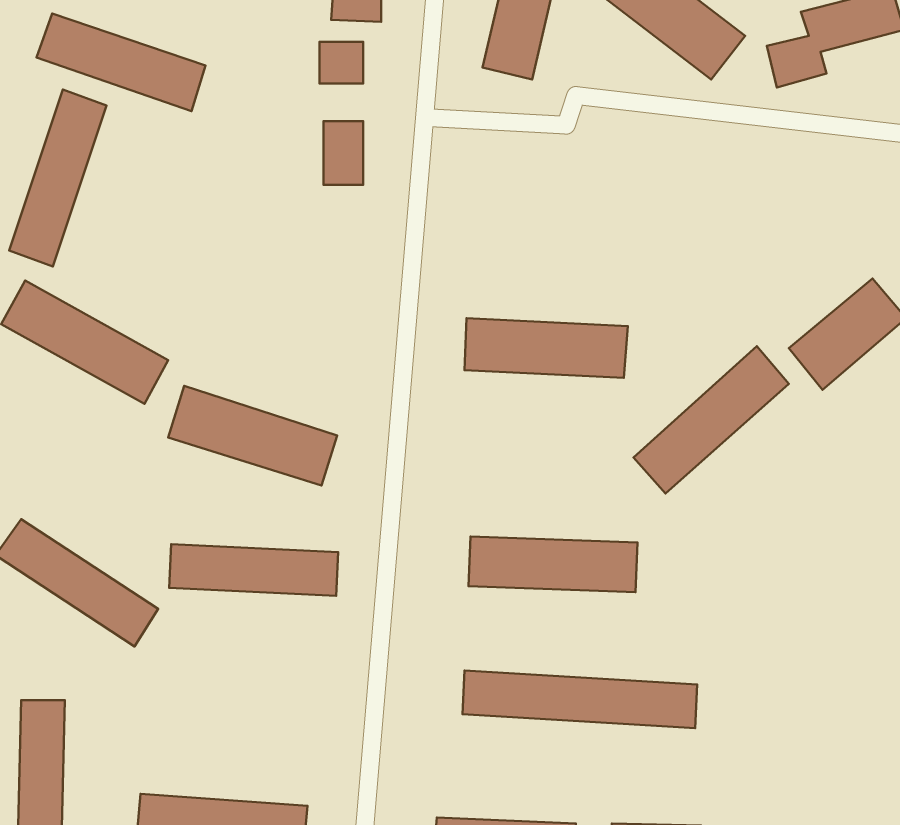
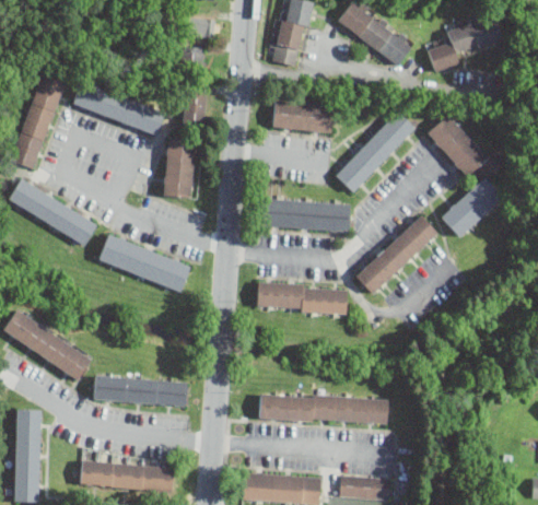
building: [36,14,205,111] -> [72,82,165,136]
building: none -> [271,101,335,134]
building: none -> [334,110,417,193]
building: none -> [426,115,488,178]
building: none -> [162,137,197,199]
building: [469,536,638,592] -> [256,283,349,314]
building: [169,544,338,596] -> [95,376,188,404]

